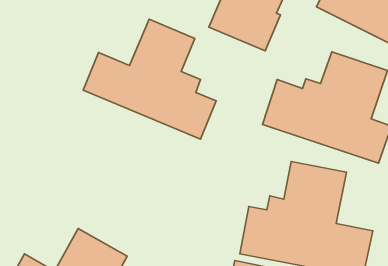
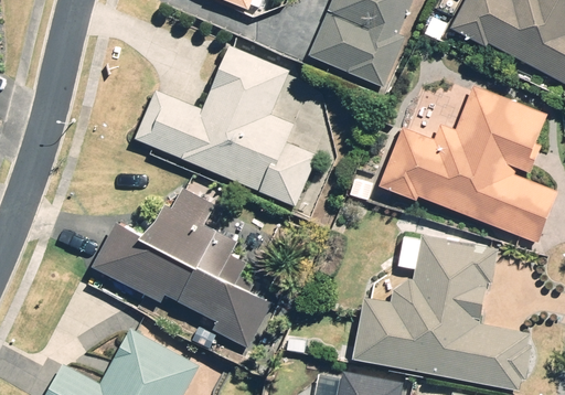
building: none -> [85,188,269,352]

